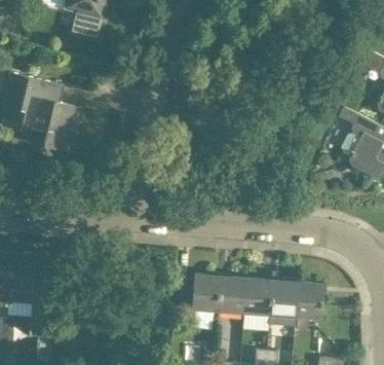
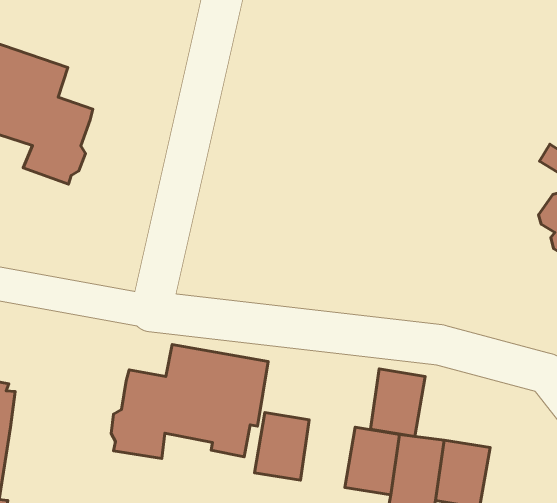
building: none -> [111,344,268,459]
building: [218,276,246,313] -> [371,369,425,437]

